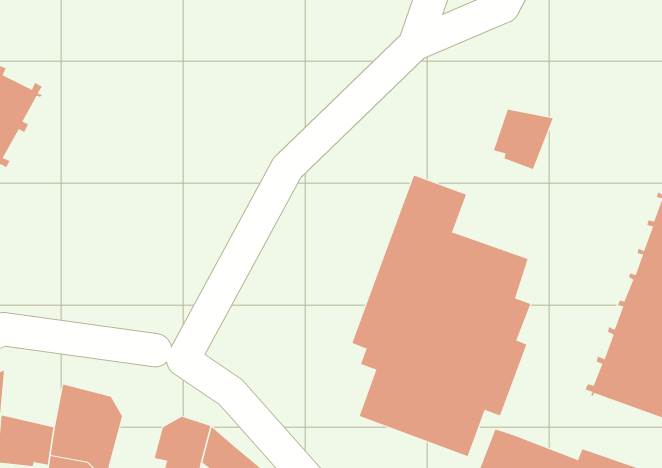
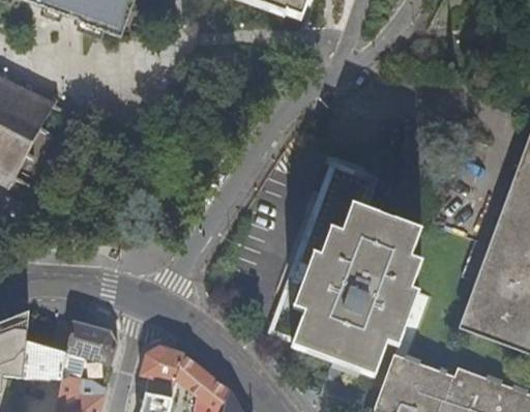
building: [493,109,554,170] -> none

